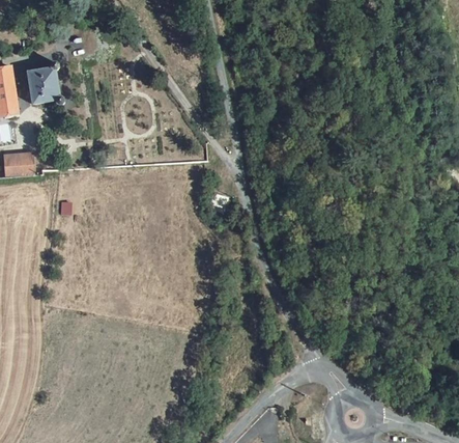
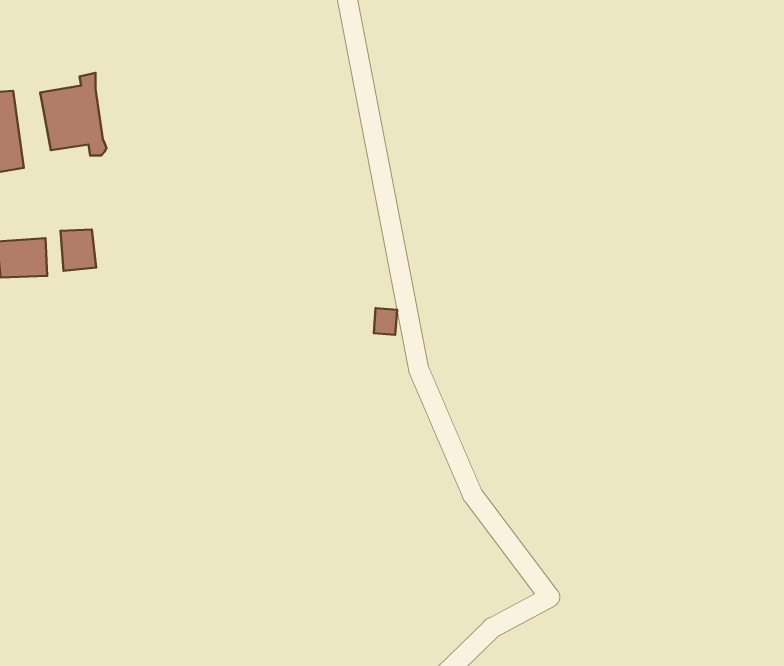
building: none -> [60,229,96,271]

